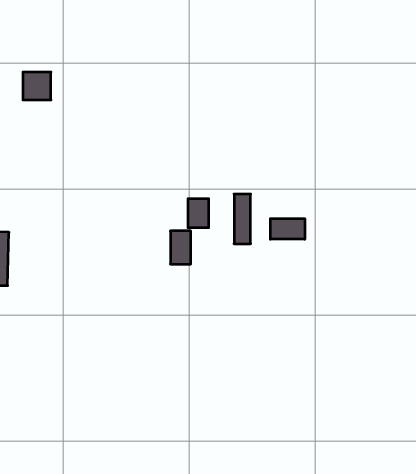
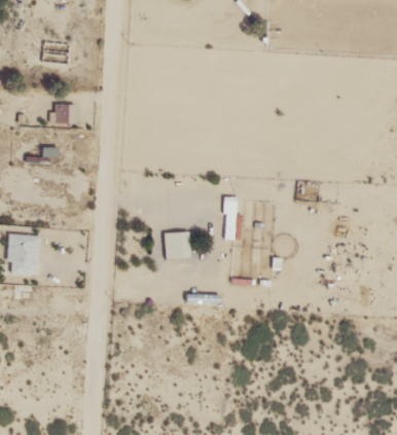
building: [188,199,209,228] -> none
building: [270,219,305,239] -> none

